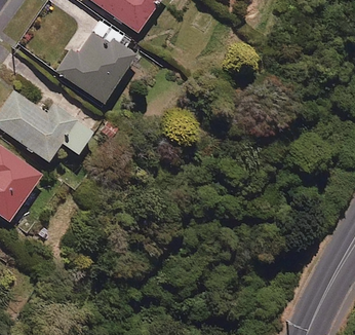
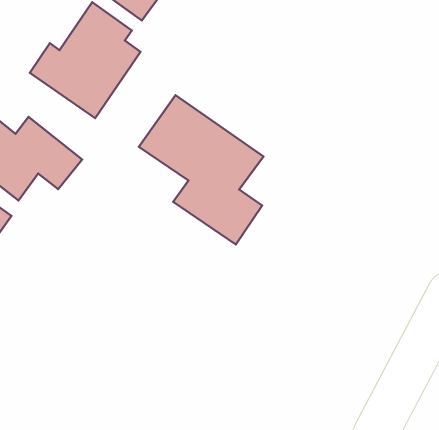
building: none -> [139,95,264,245]

